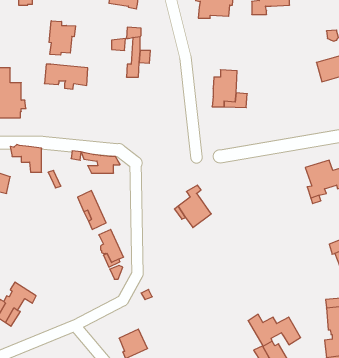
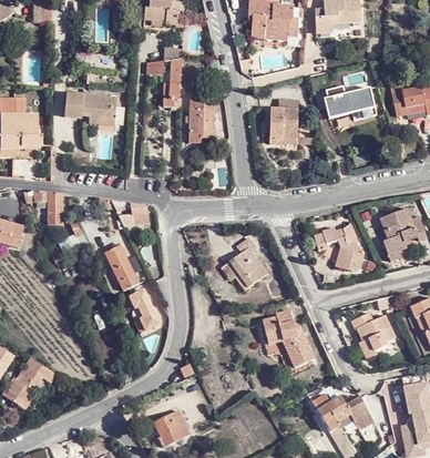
building: [49,21,76,55] -> none
building: none -> [325,86,377,120]
building: none -> [190,100,213,142]
building: none -> [311,222,362,269]
building: none -> [262,308,313,365]
building: none -> [349,311,393,357]

